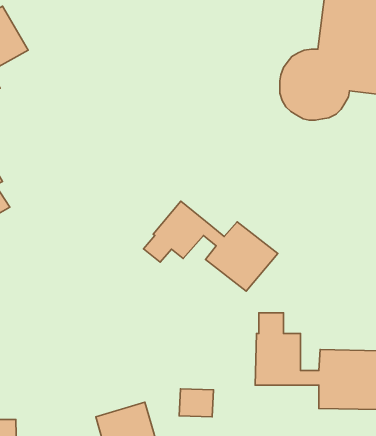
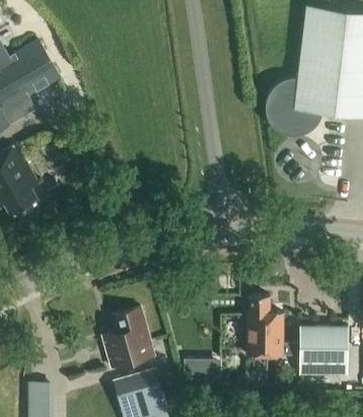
building: [143,201,278,291] -> none
building: none -> [102,307,155,367]

